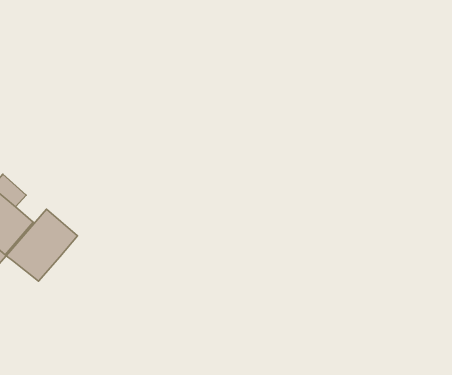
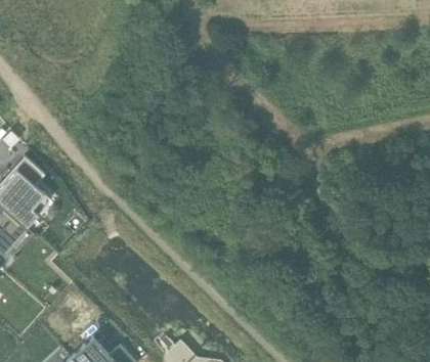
building: [6,209,78,281] -> none

